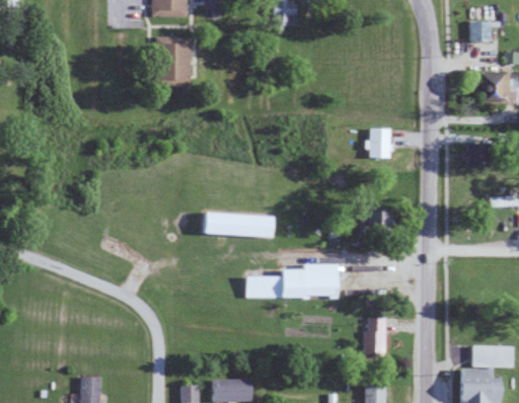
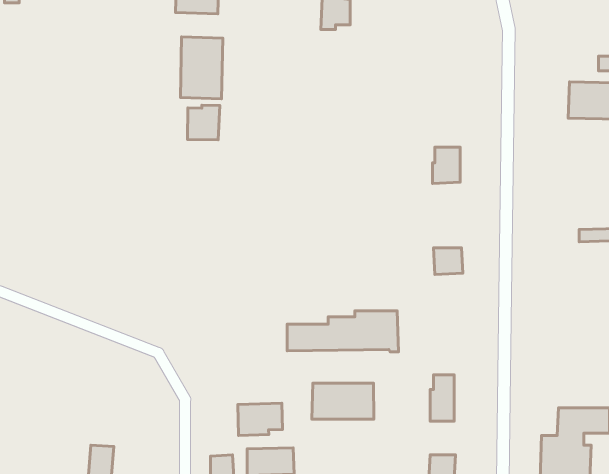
building: [471,21,492,42] -> none
building: none -> [187,105,220,140]
building: [202,212,276,237] -> none
building: none -> [312,383,374,419]
building: none -> [238,403,283,435]

